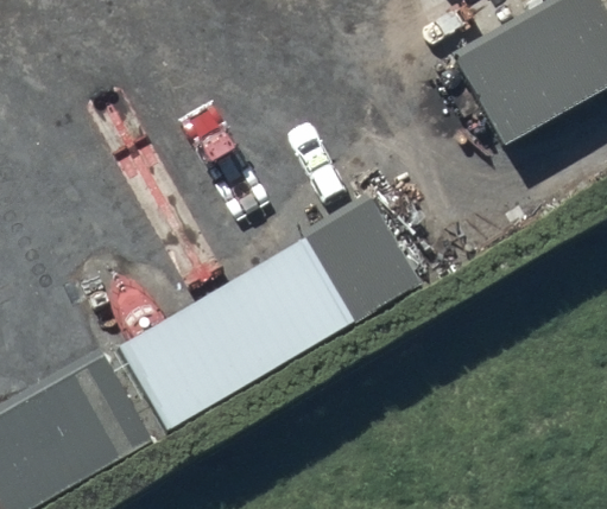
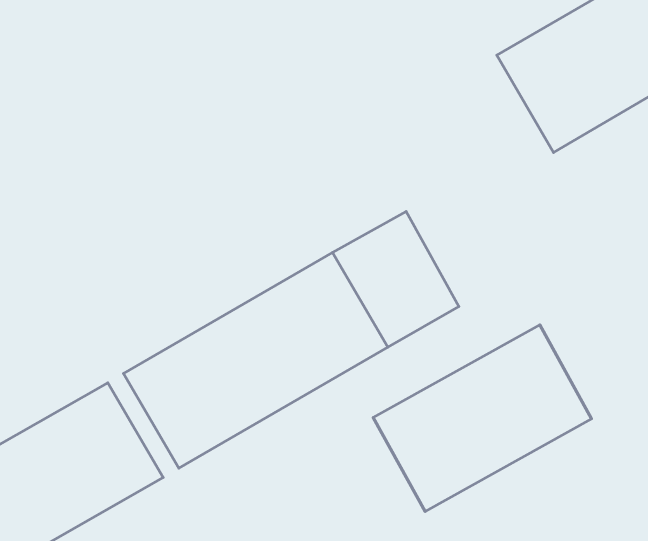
building: none -> [373,325,592,511]

